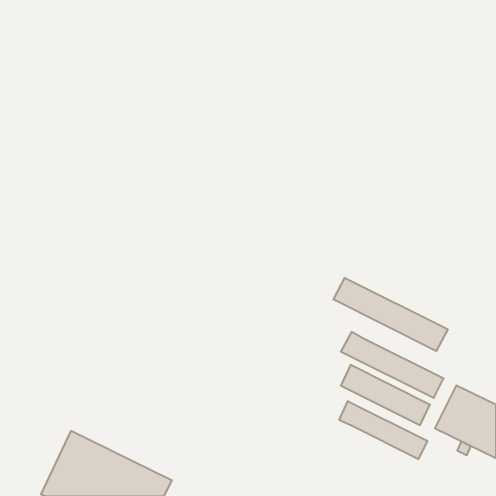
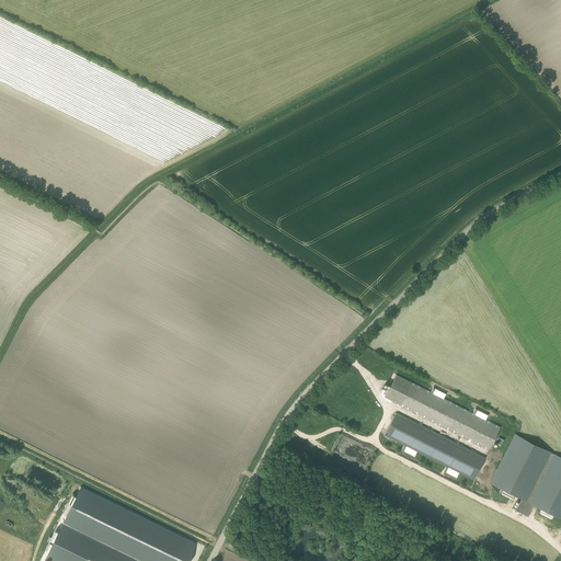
building: [333,278,448,351] -> none
building: [339,401,427,459] -> none

